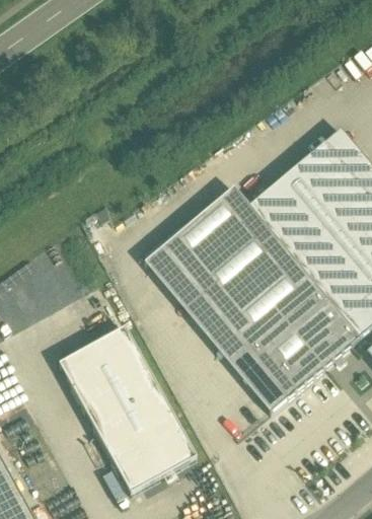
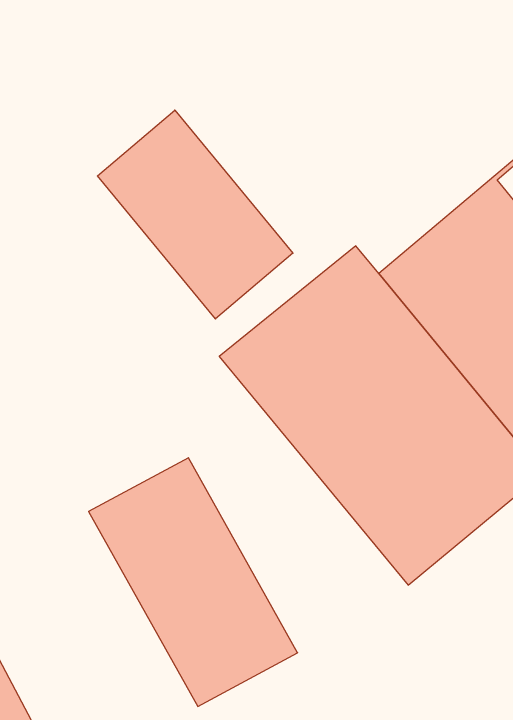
building: none -> [97,110,293,319]

